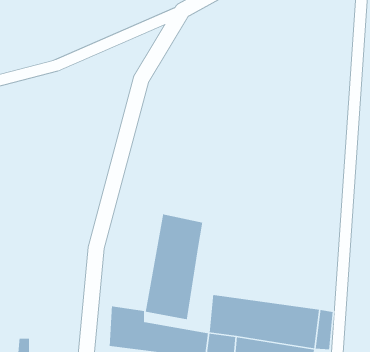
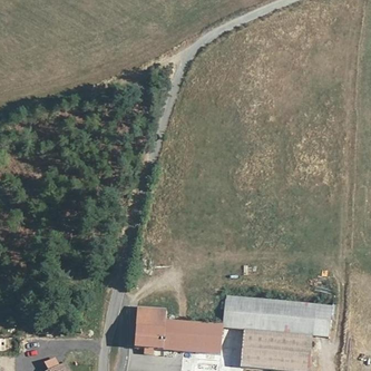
building: [145,213,203,320] -> none

